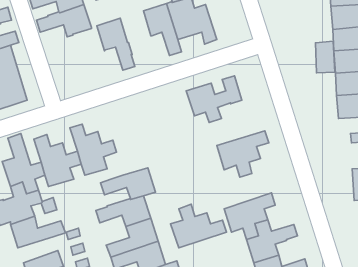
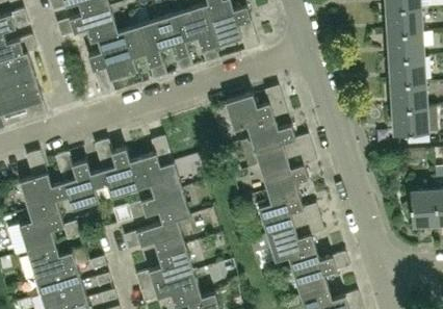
building: none -> [150,14,192,72]
building: none -> [87,30,137,97]
building: [316,41,335,73] -> none
building: none -> [250,117,312,164]
building: none -> [131,137,181,198]
building: [171,204,226,248] -> [257,186,319,235]
building: none -> [35,266,80,295]

